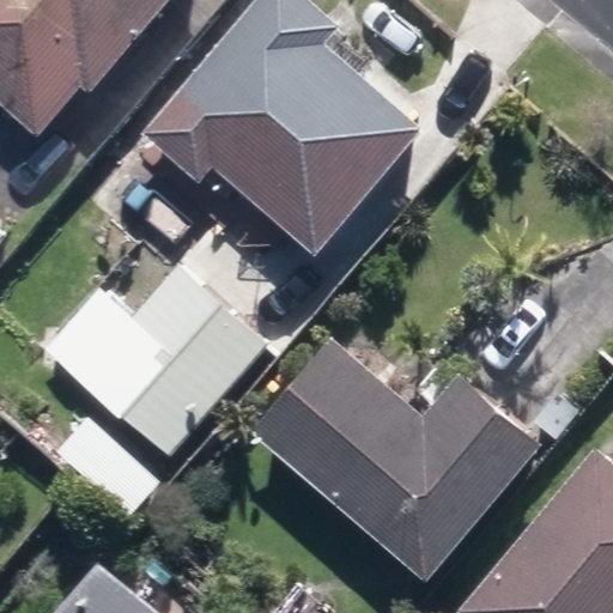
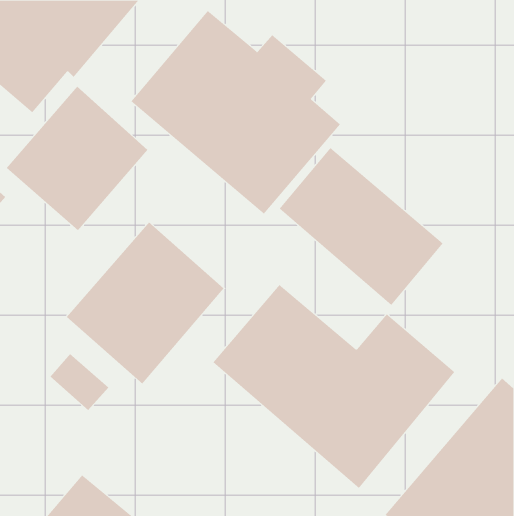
building: none -> [6,86,148,231]
building: none -> [279,147,444,306]

